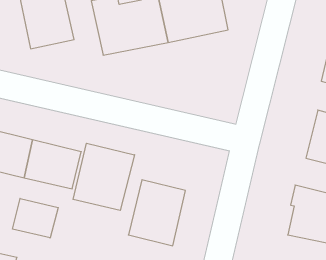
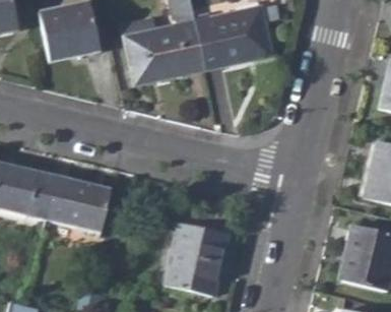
building: [73,143,135,210] -> none
building: [13,198,58,238] -> none

